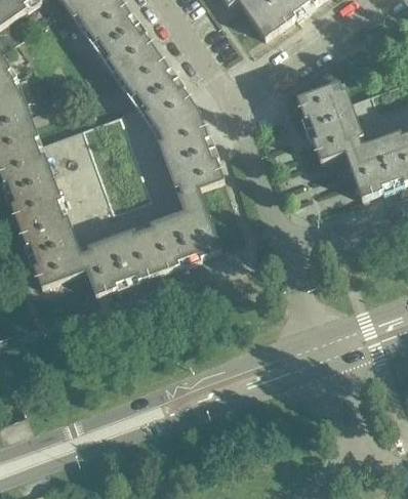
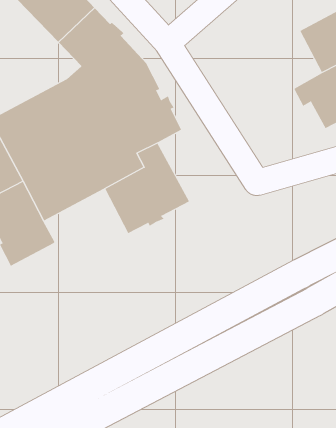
building: [295,82,364,163] -> none
building: [78,226,157,296] -> none

